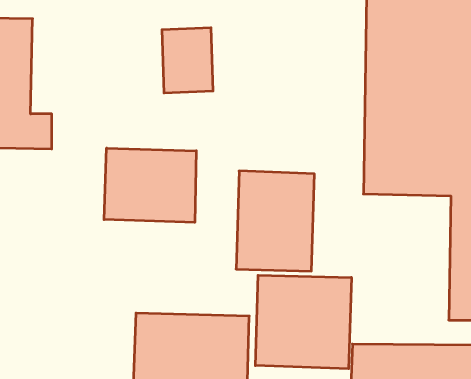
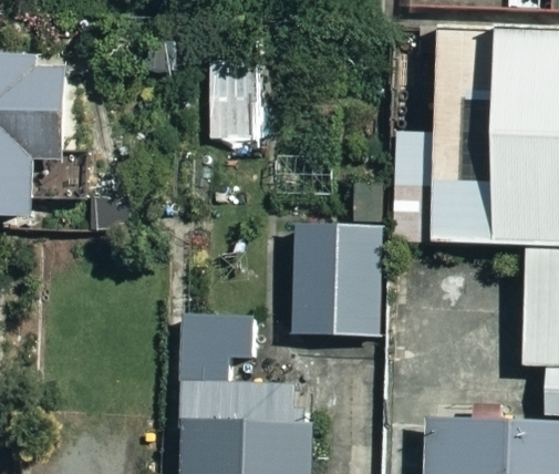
building: [104,148,196,222] -> none
building: [255,275,351,369] -> none

